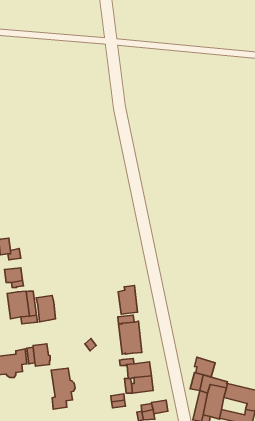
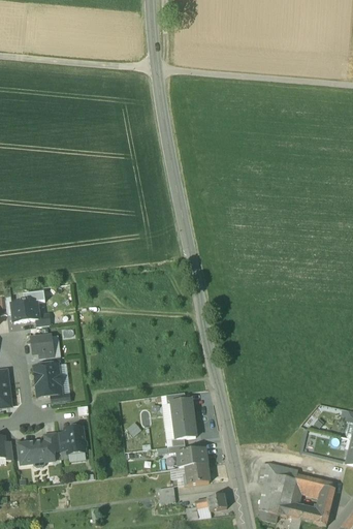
building: [118,285,137,314] -> none
building: [36,296,56,322] -> none
building: [194,357,215,377] -> none
building: [51,368,75,409] -> none

